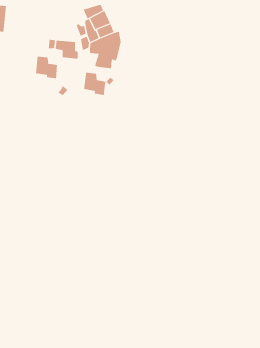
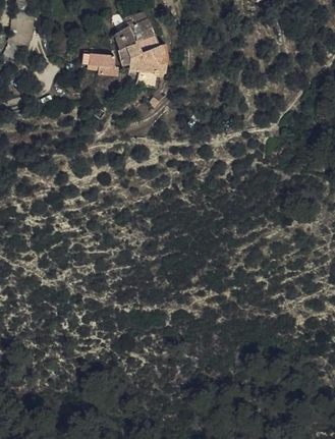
building: [36,56,57,79] -> none
building: [84,72,106,96] -> none

